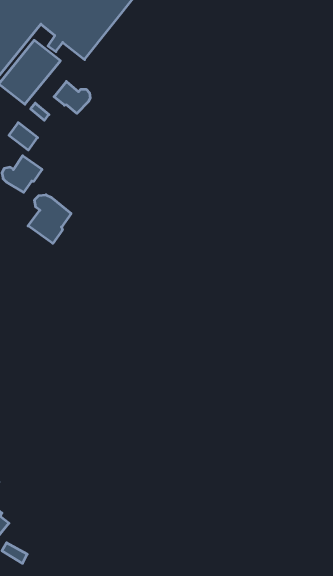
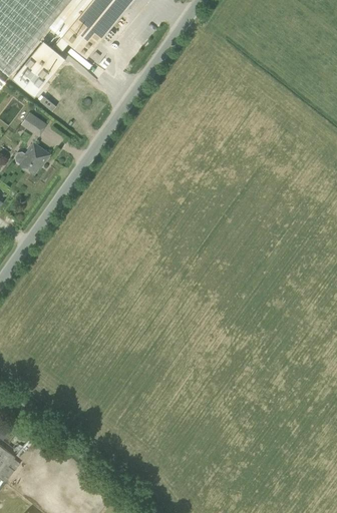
building: [54,81,90,113] -> none
building: [28,195,71,243] -> none

